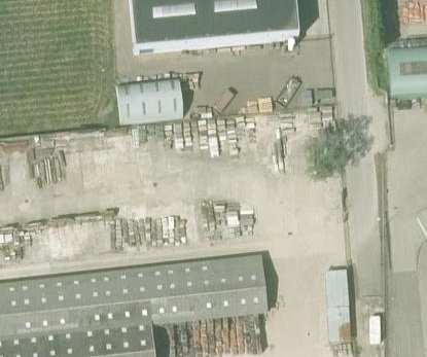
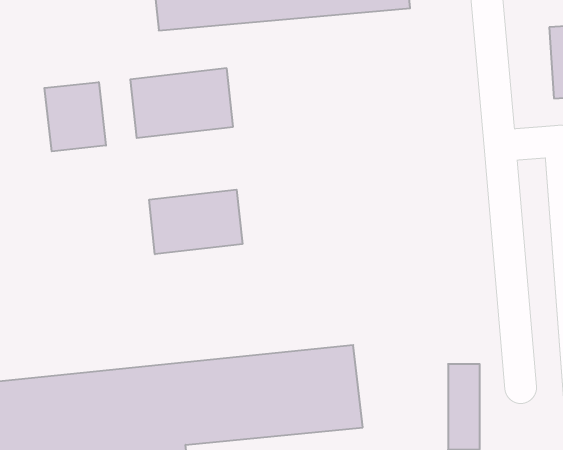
building: none -> [44,82,106,151]
building: none -> [149,190,242,254]

